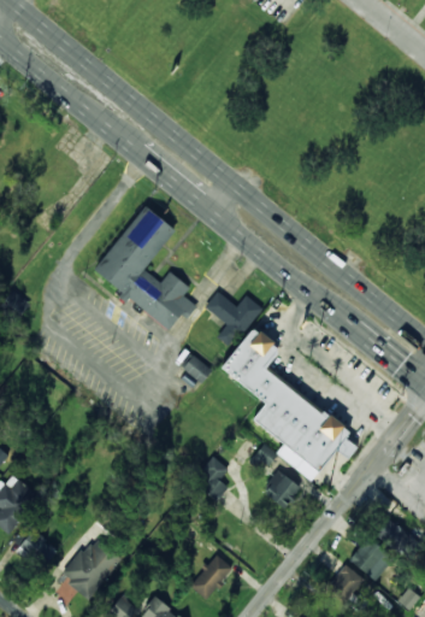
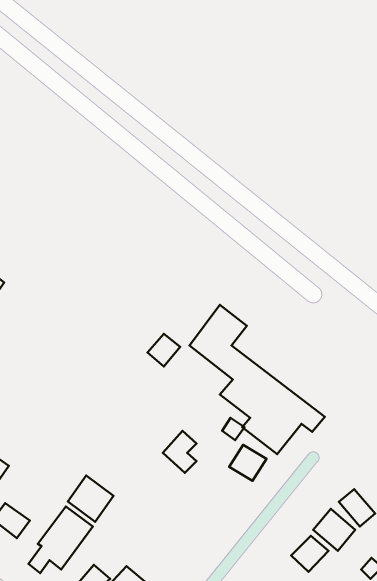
building: [95,205,197,330] -> none
building: [205,292,261,347] -> none
building: none -> [68,476,114,522]
building: [189,554,232,600] -> none

